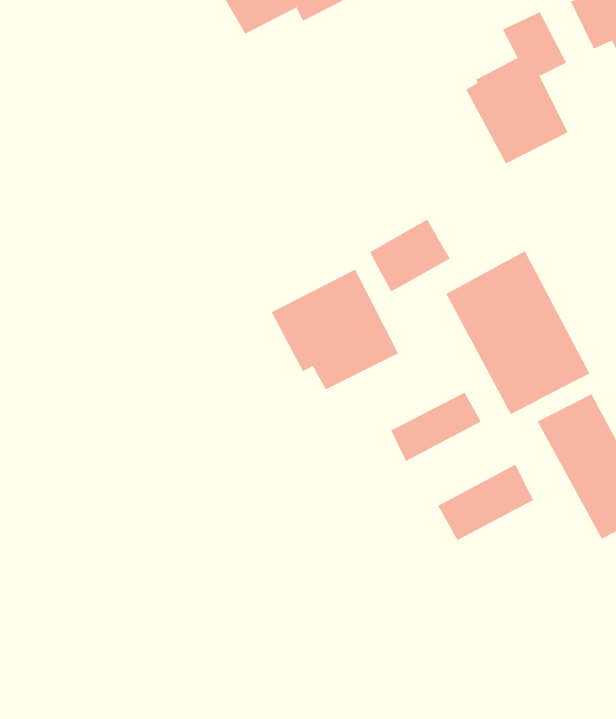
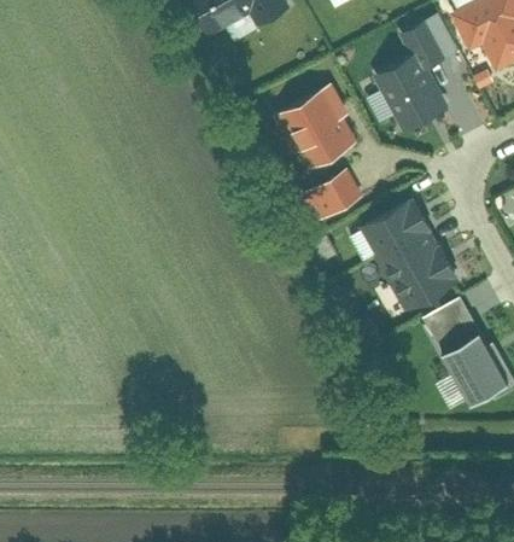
building: [271,269,399,390] -> [265,86,358,174]
building: [391,392,481,462] -> none
building: [438,464,534,541] -> none

